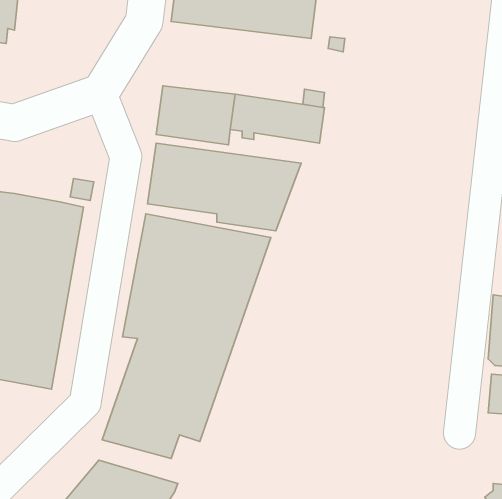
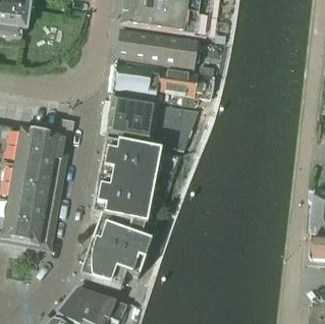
building: none -> [117,29,197,68]

